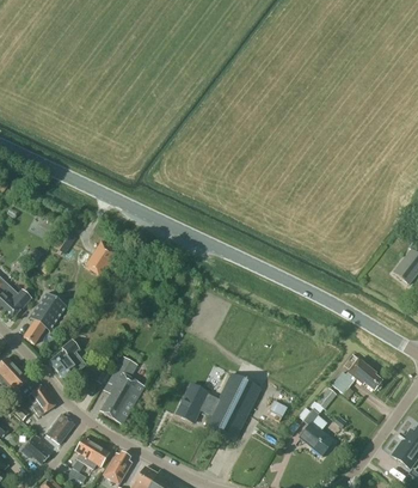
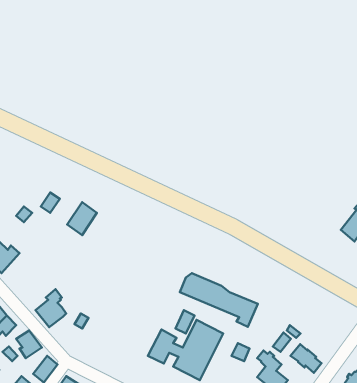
building: [23,291,67,343] -> none
building: none -> [180,273,258,327]
building: [99,355,145,423] -> none
building: [348,358,382,390] -> [291,344,321,373]

